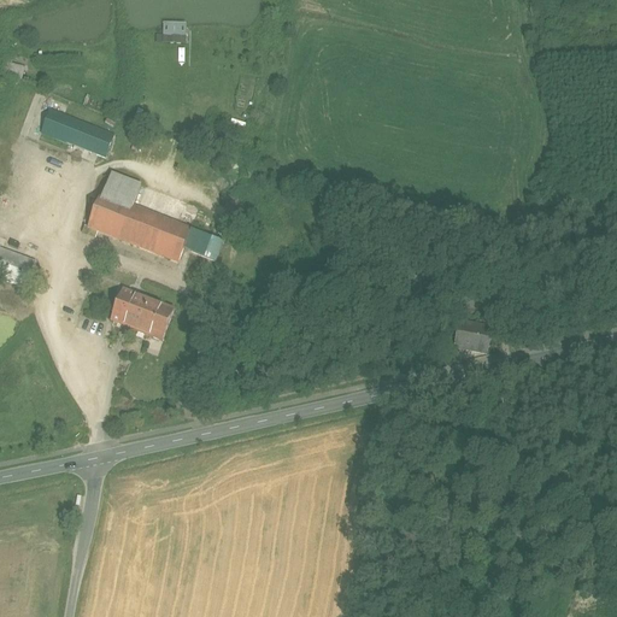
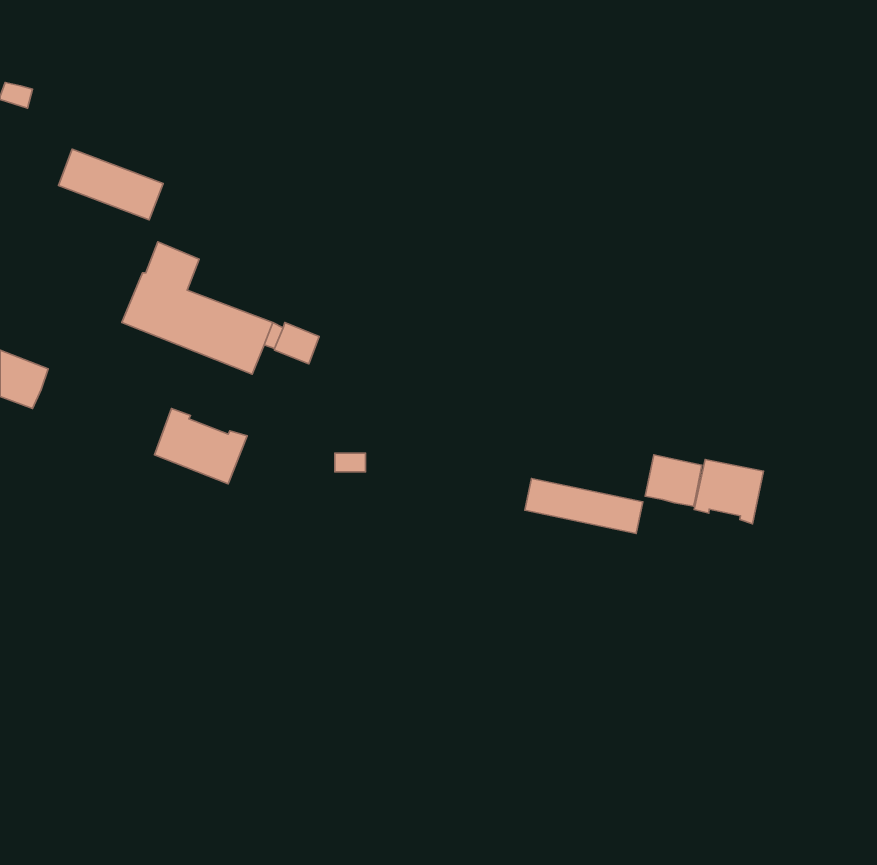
building: none -> [694,459,764,524]
building: none -> [525,479,643,533]

